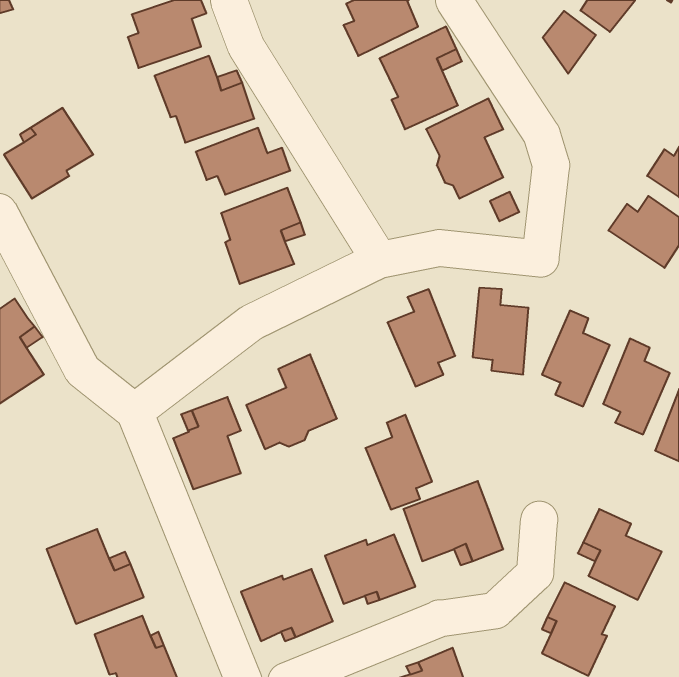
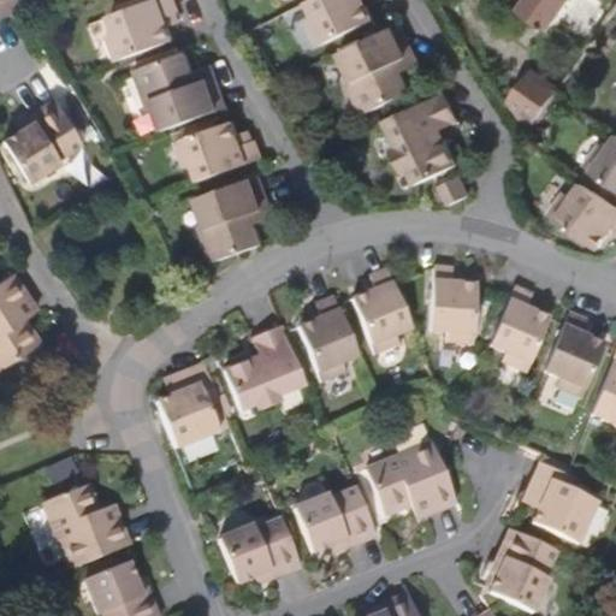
building: [543,11,596,74] -> [513,73,561,130]
building: [365,415,432,509] -> [298,295,359,380]

